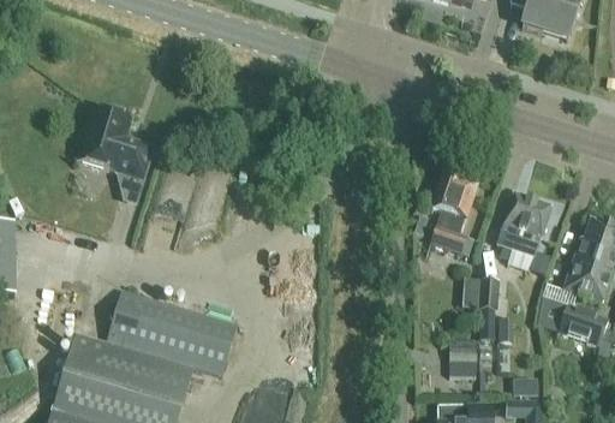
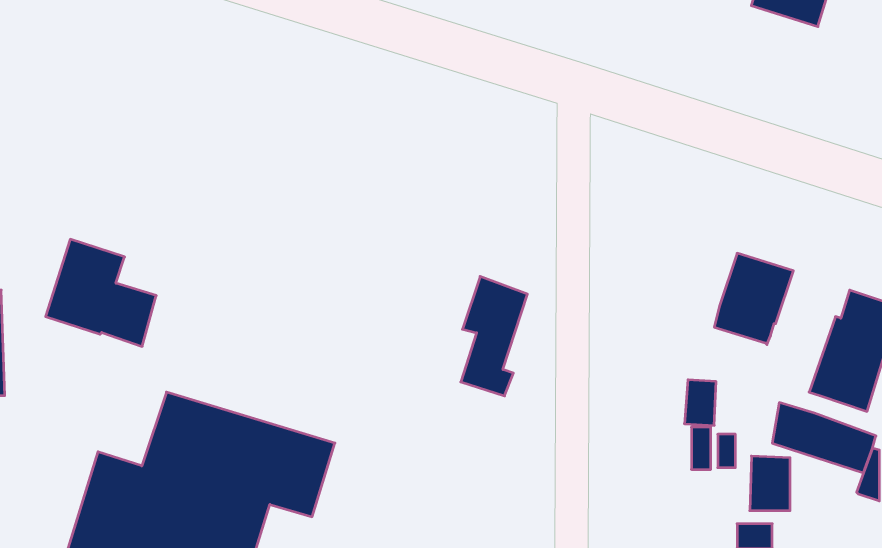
building: [78,107,154,180] -> [46,239,156,346]
building: [431,171,477,252] -> [461,276,527,396]
building: [449,339,477,376] -> [750,456,790,511]

